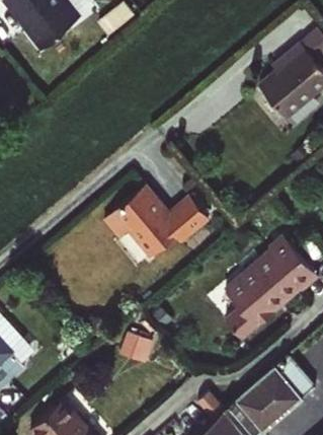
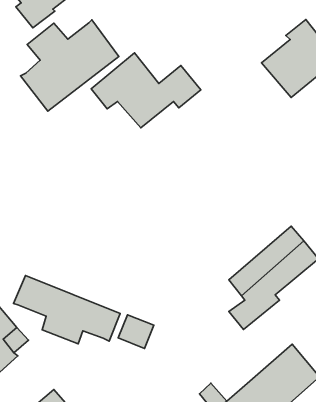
building: none -> [20,20,119,111]
building: [99,176,205,248] -> [91,53,201,128]
building: none -> [13,276,120,344]

